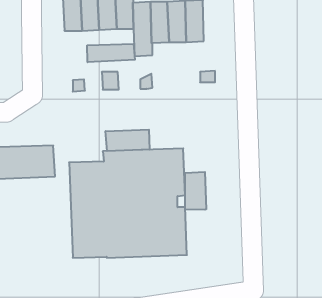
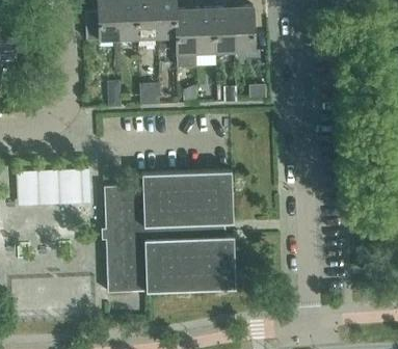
building: [87,44,135,62] -> none
building: [106,130,149,151] -> none
building: [185,172,206,210] -> none

